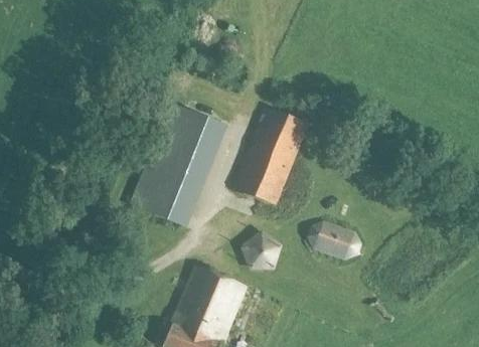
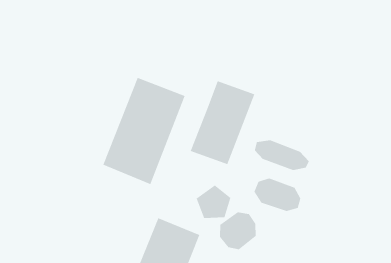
building: none -> [254,140,310,171]
building: none -> [220,211,256,250]

